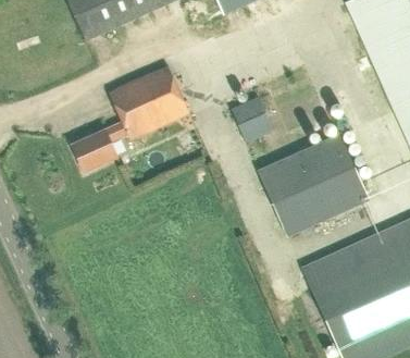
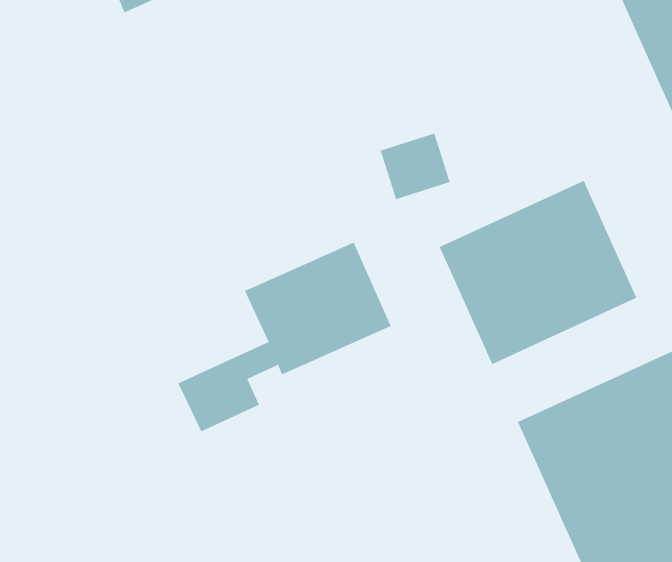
building: [71,65,189,171] -> [177,242,392,432]

